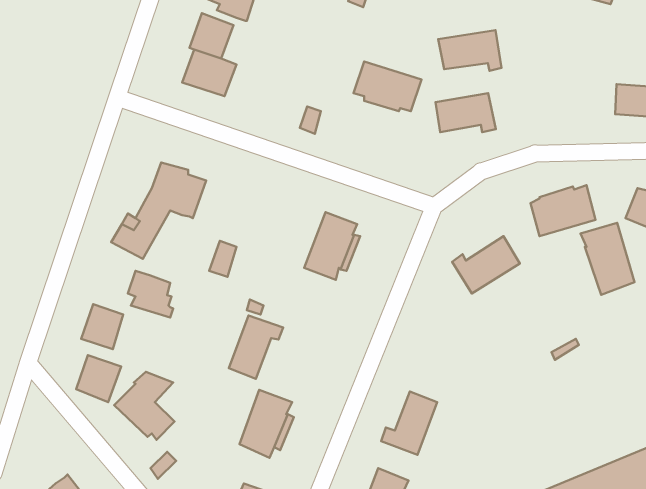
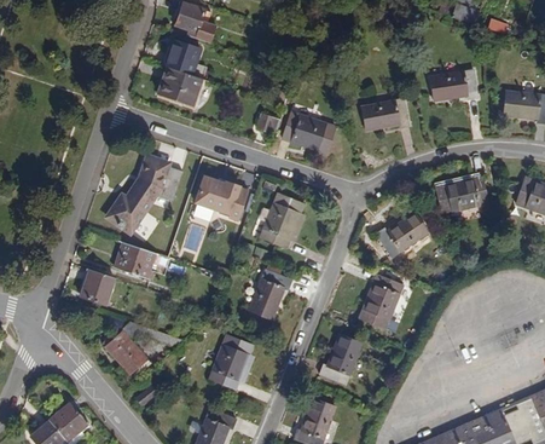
building: [438,30,502,71] -> [430,70,481,103]
building: [354,62,421,111] -> [279,113,334,152]
building: none -> [189,171,249,219]
building: [581,223,635,295] -> none
building: [229,316,283,379] -> [245,273,289,324]
building: none -> [363,281,405,334]
building: [76,355,121,402] -> none

